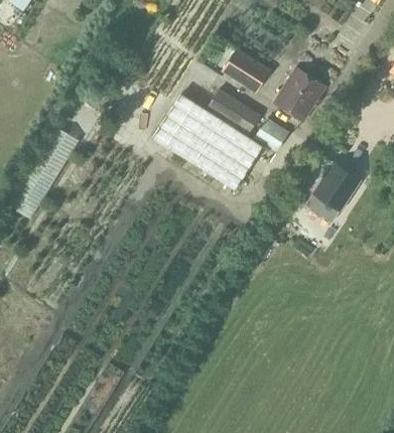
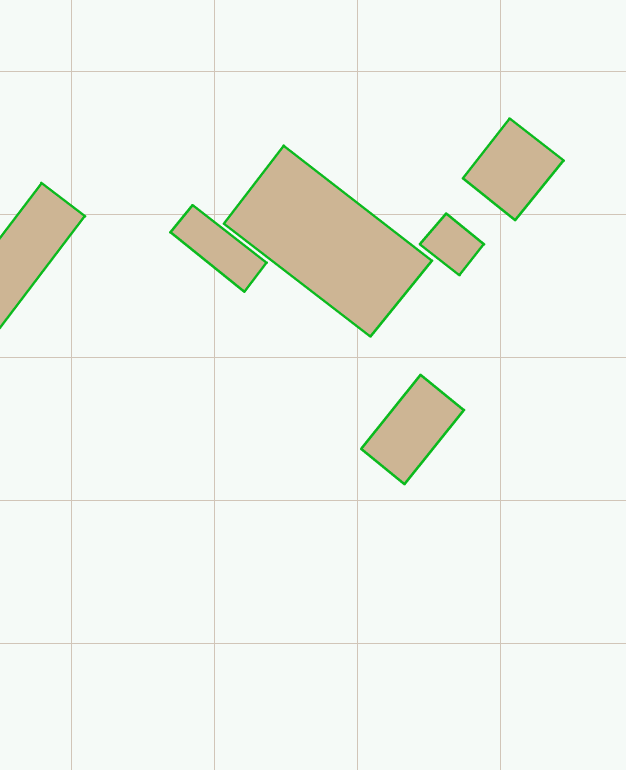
building: [222,47,270,93] -> none
building: [210,92,261,134] -> [170,205,267,292]
building: [307,165,359,223] -> [361,375,464,484]

